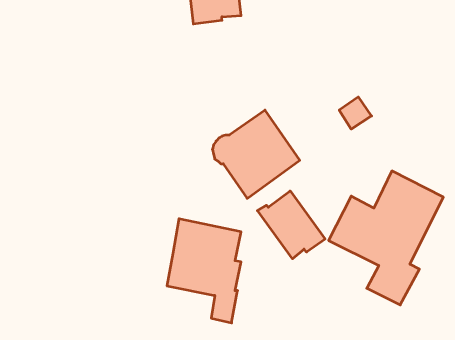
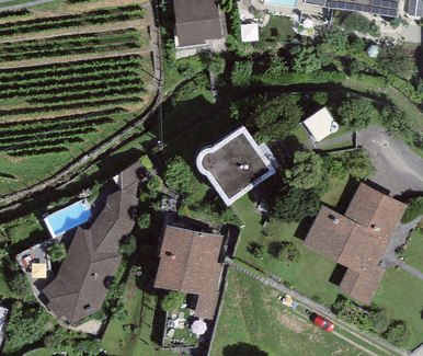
building: none -> [41,160,156,323]
building: [257,191,325,259] -> none

